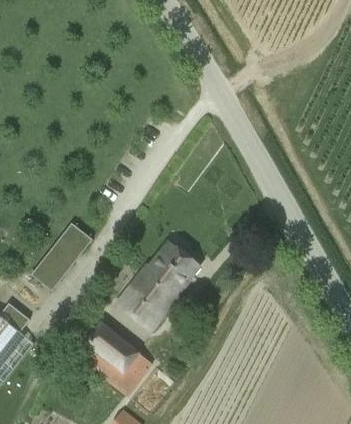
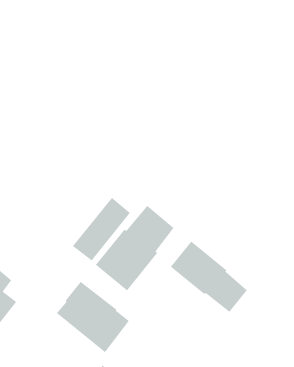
building: [30,222,92,290] -> [72,197,131,261]
building: none -> [170,240,248,313]

